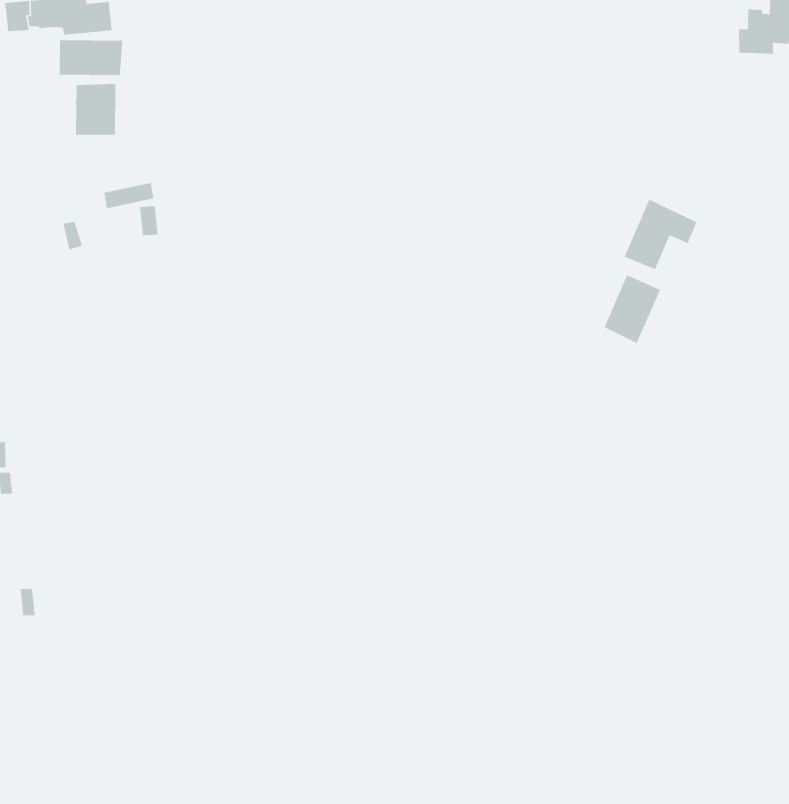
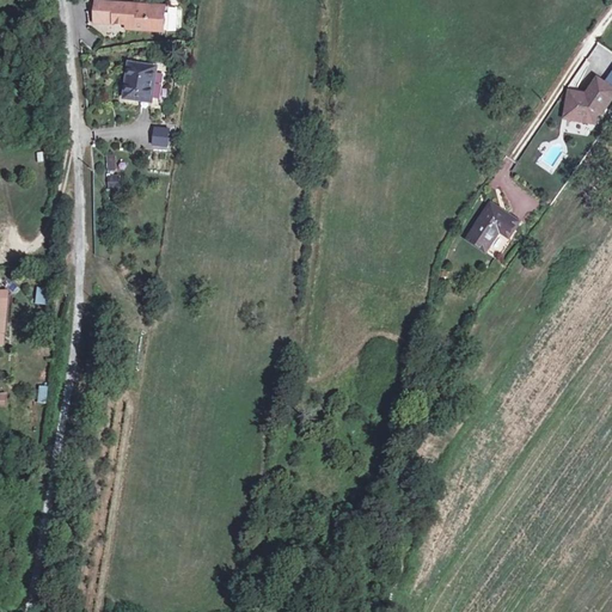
building: [59,39,123,76] -> none
building: [604,275,661,344] -> none

